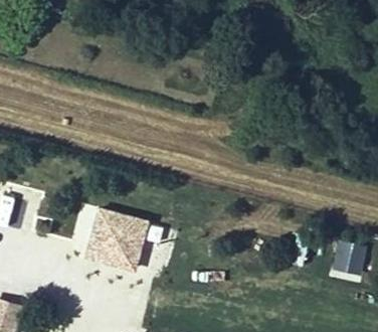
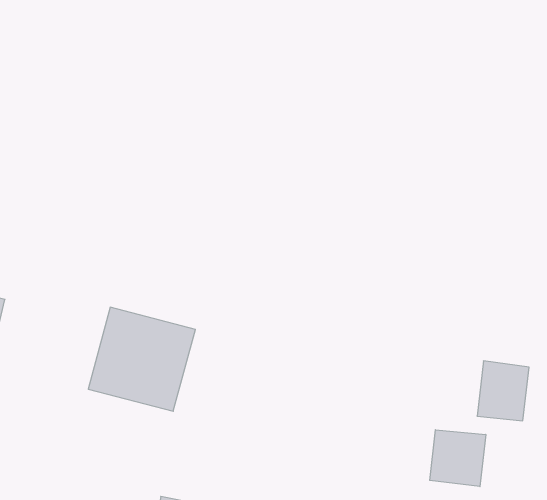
building: none -> [430,430,486,487]

